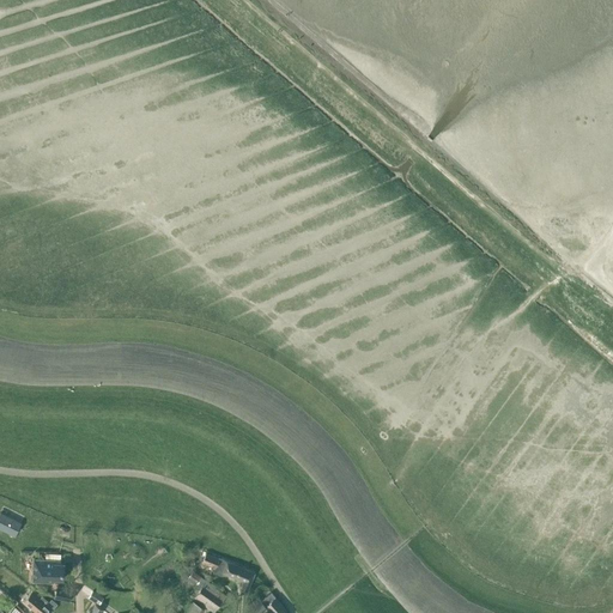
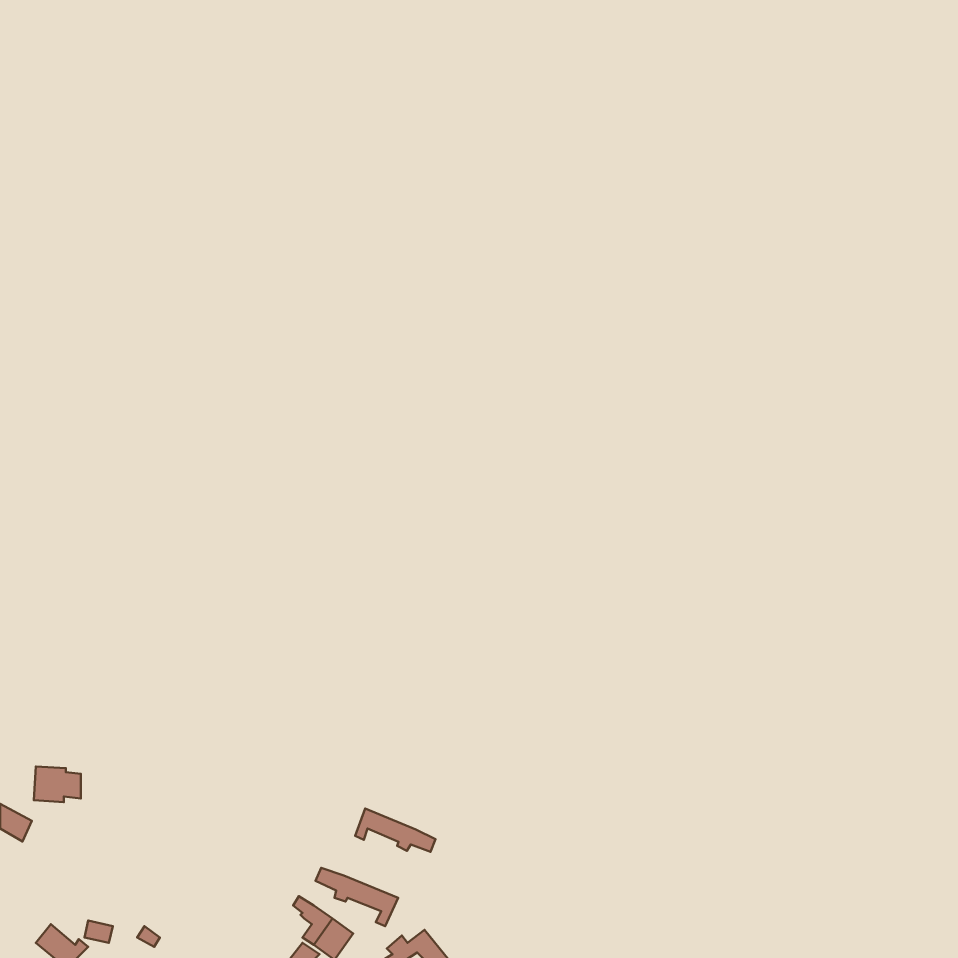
building: none -> [355,808,435,852]
building: [34,560,63,583] -> [34,766,81,802]

